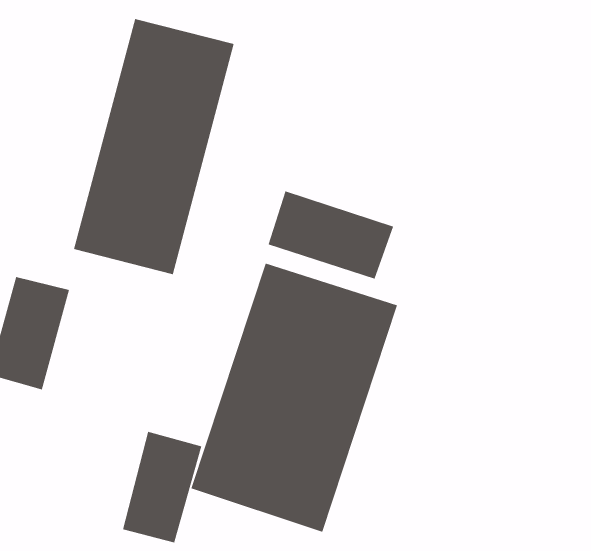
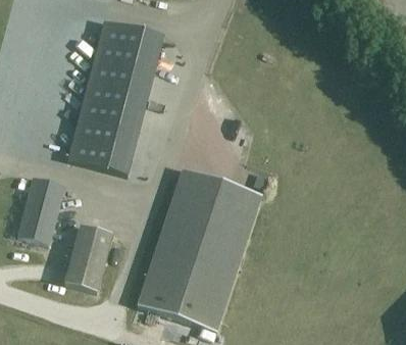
building: [268,190,394,280] -> none
building: [122,431,202,543] -> [65,225,113,292]

